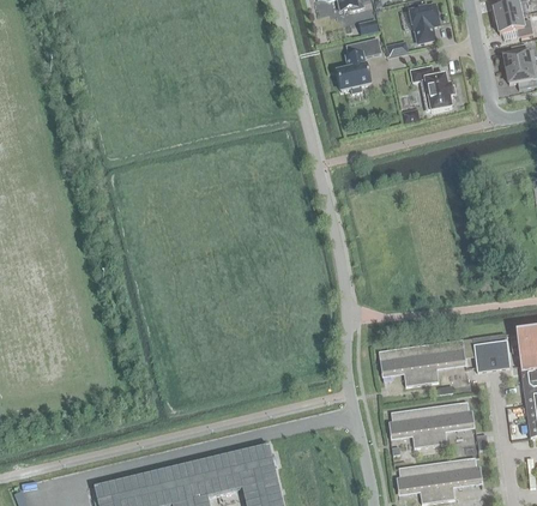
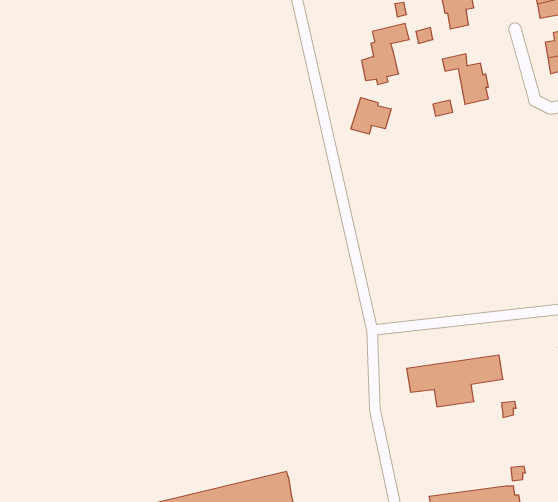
building: none -> [351,98,391,134]
building: [472,333,509,372] -> none
building: [388,402,473,447] -> none

